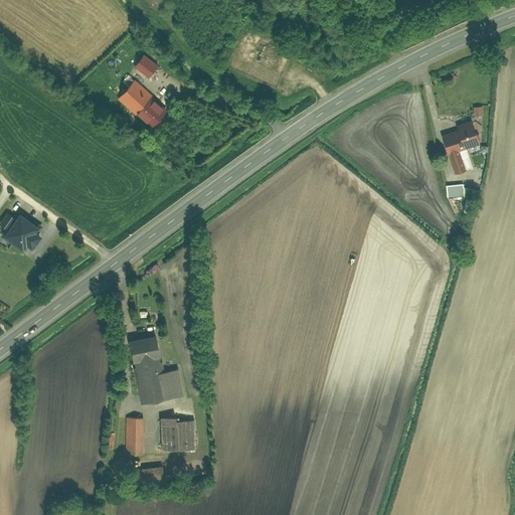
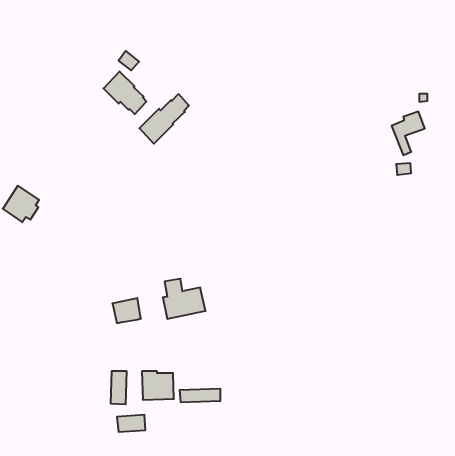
building: none -> [139,94,189,144]
building: [136,360,184,405] -> [163,279,206,319]
building: none -> [180,389,220,402]

